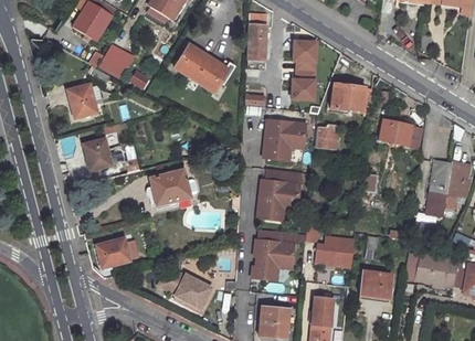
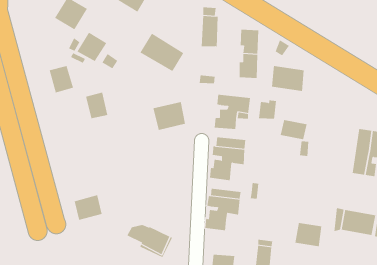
building: [379,120,412,145] -> [280,119,308,140]
building: [83,138,110,170] -> [85,92,108,119]
building: [149,171,189,205] -> [153,102,186,130]
building: [316,236,355,268] -> none

